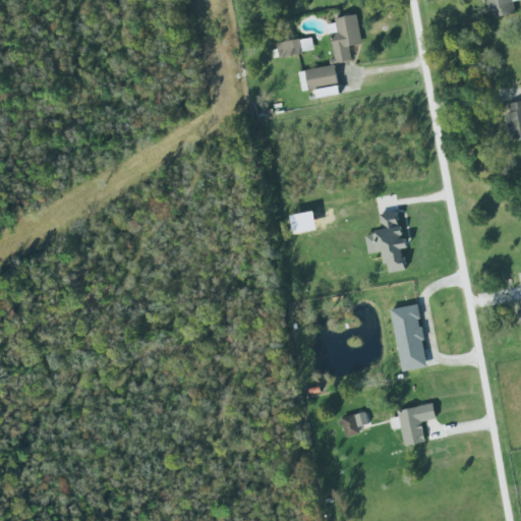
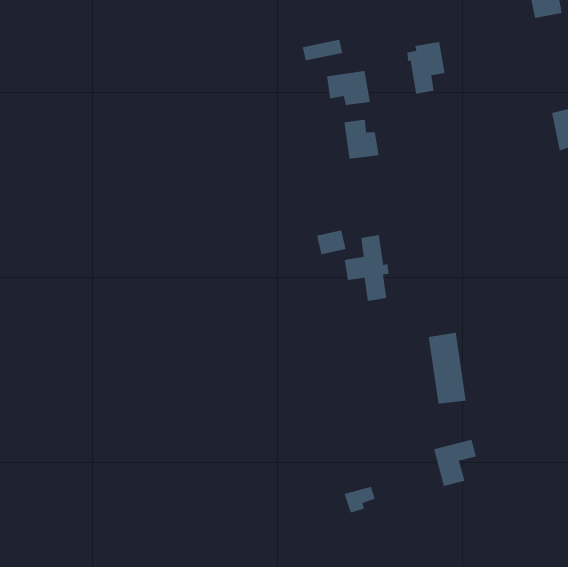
building: [327,13,362,62] -> [407,41,446,95]
building: none -> [343,119,379,159]
building: [365,210,407,272] -> [344,234,389,302]
building: [340,410,369,436] -> [344,486,376,514]

